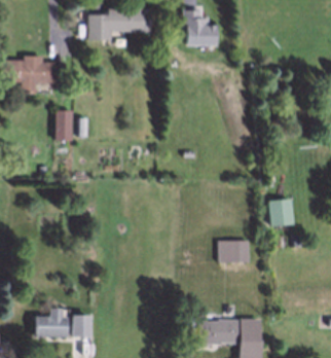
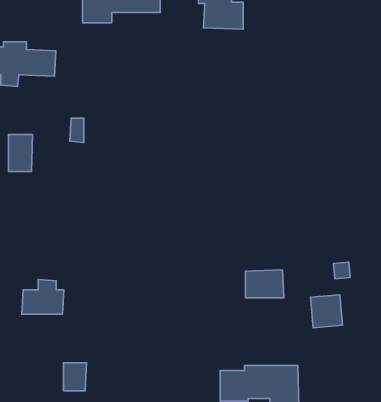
building: [54,110,74,140] -> [8,135,33,172]
building: [268,199,294,225] -> [311,295,342,328]
building: [34,308,68,335] -> [22,280,64,314]

